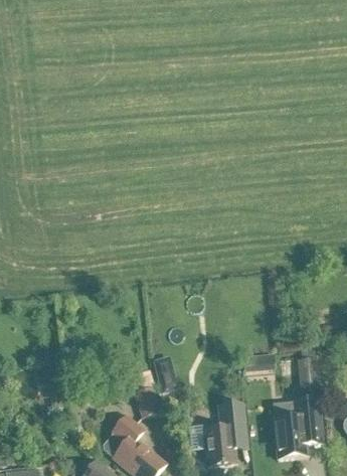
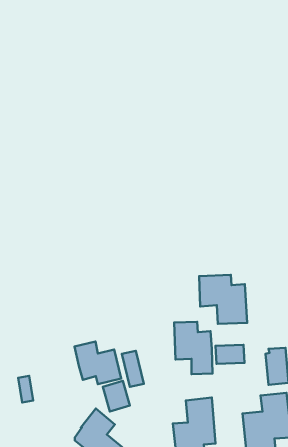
building: none -> [199,275,247,324]
building: none -> [174,322,213,374]
building: none -> [74,342,121,384]

